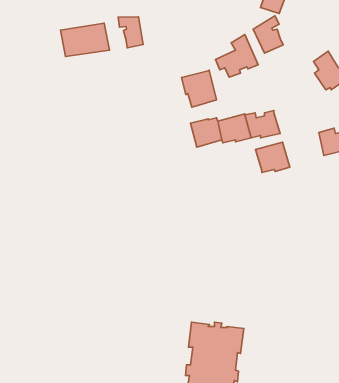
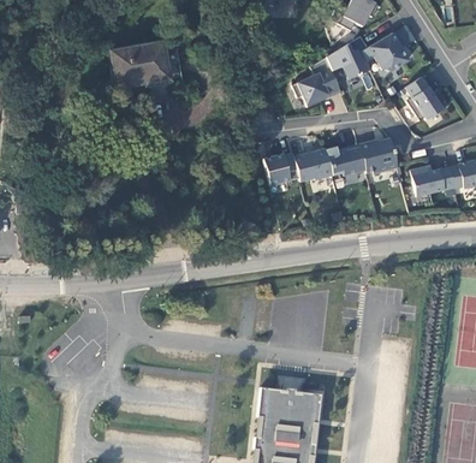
building: none -> [365,32,410,71]
building: [118,17,143,48] -> none
building: [182,70,217,107] -> none
building: [256,142,290,173] -> [359,138,399,173]

